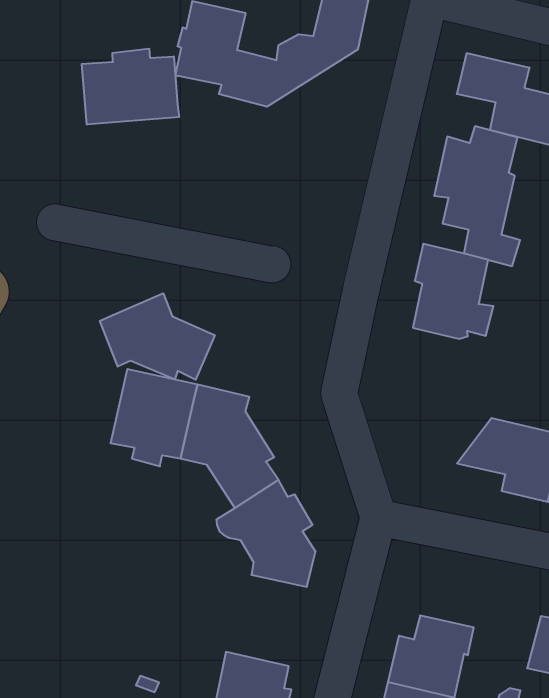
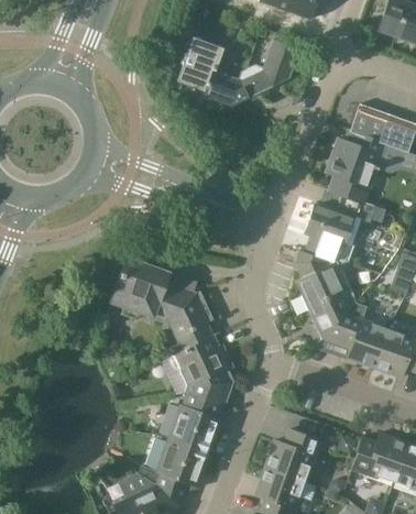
building: [82,49,179,125] -> none
building: [100,293,215,380] -> none
building: none -> [292,250,355,338]
building: none -> [167,392,221,450]

